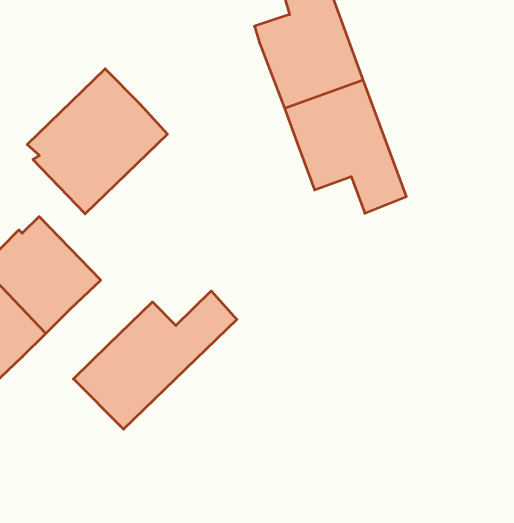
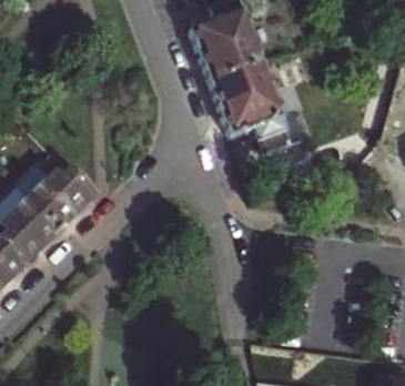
building: [27,69,167,214] -> none
building: [73,291,237,429] -> none

